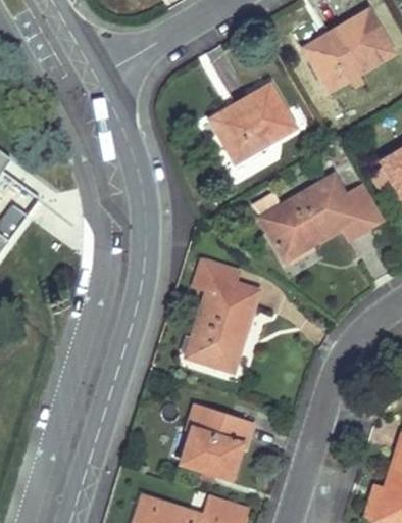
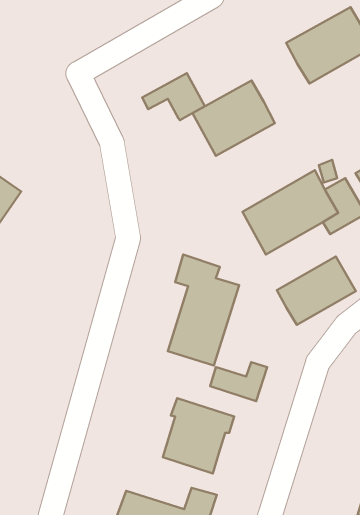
building: none -> [142,73,205,120]
building: none -> [277,257,356,325]
building: none -> [210,362,267,401]

